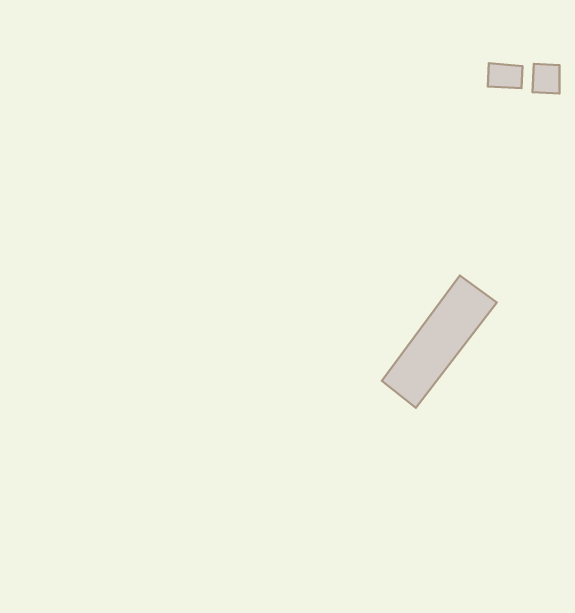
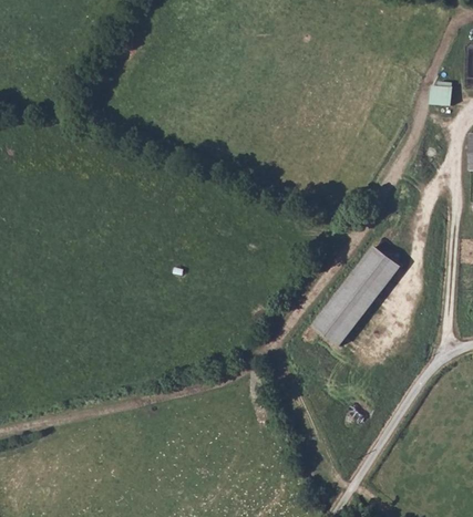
building: [488,63,522,88] -> none

